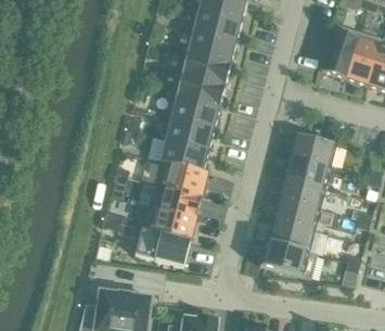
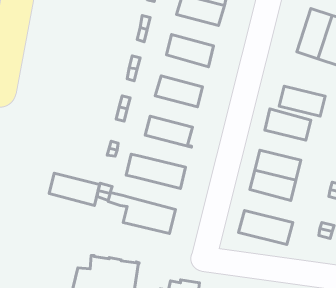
building: [187,28,238,62] -> none
building: [176,72,227,106] -> none
building: [164,116,215,150] -> none
building: [282,153,332,186] -> [279,86,325,116]
building: [153,158,208,193] -> none
building: [142,204,196,239] -> [49,173,99,205]
building: [266,217,318,253] -> none

